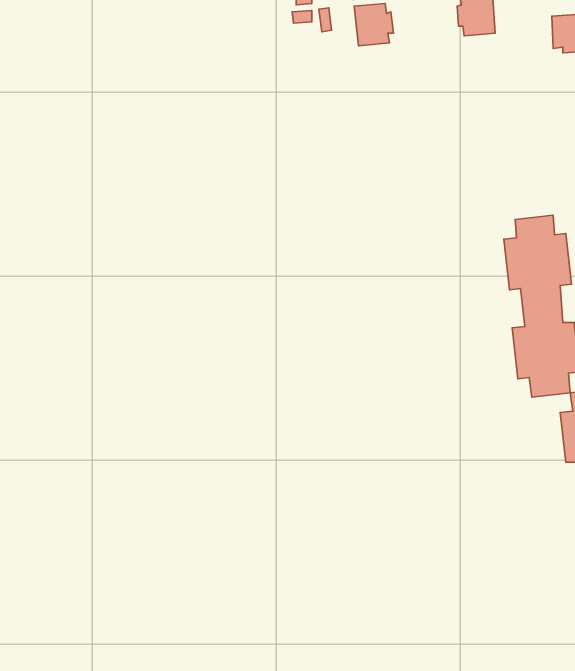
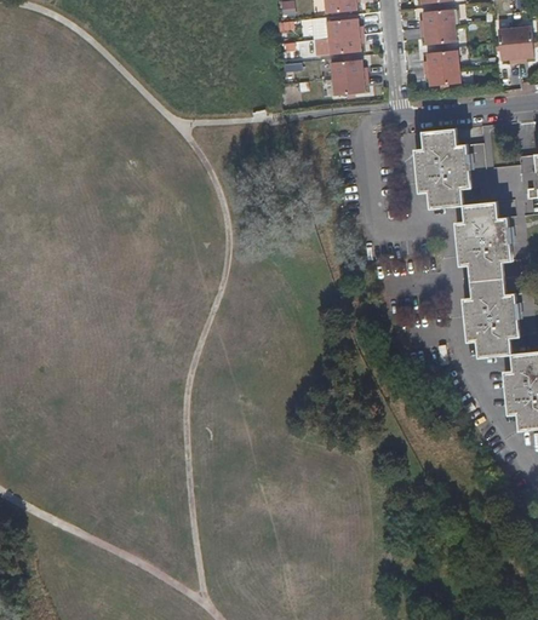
building: none -> [418,52,452,88]
building: none -> [330,61,364,98]
building: none -> [414,128,471,207]

